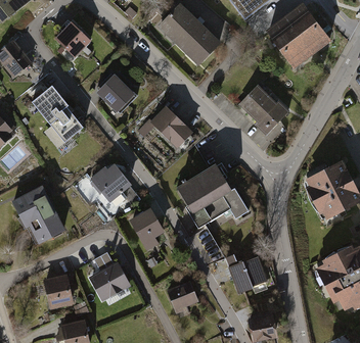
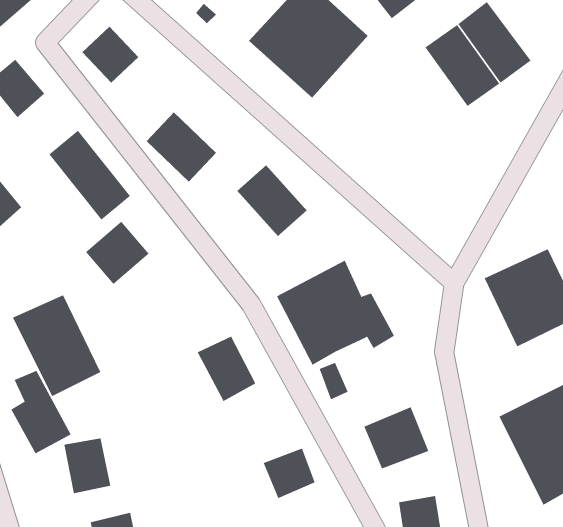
building: [237,84,288,135] -> none
building: [89,162,129,202] -> [85,221,150,285]
building: [91,252,129,304] -> [10,370,71,454]

